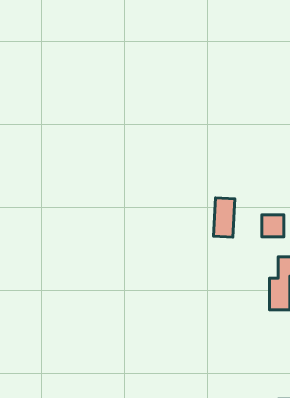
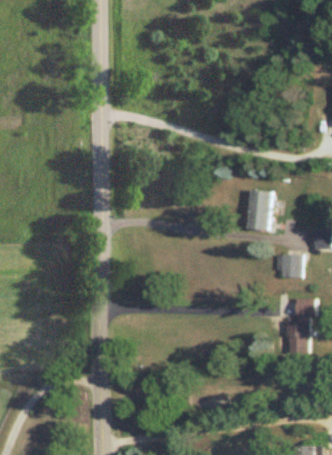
building: [214,198,235,237] -> [247,190,269,231]

